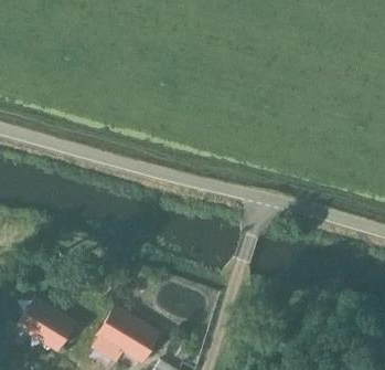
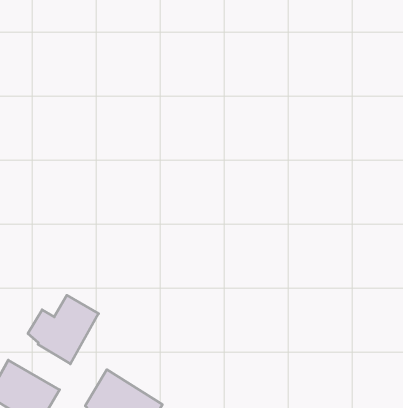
building: none -> [28,295,99,364]

